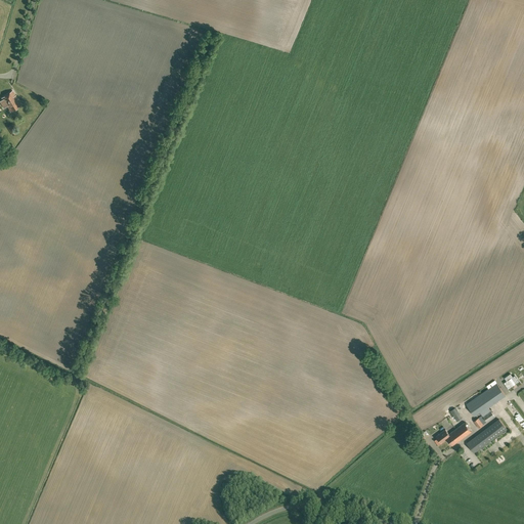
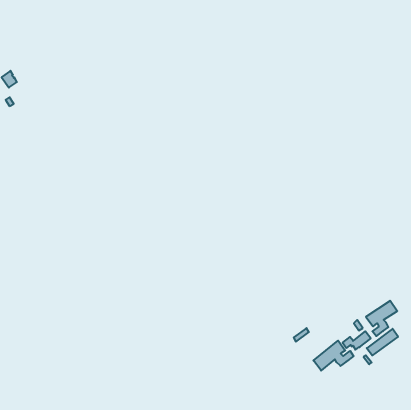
building: none -> [313,341,354,371]

